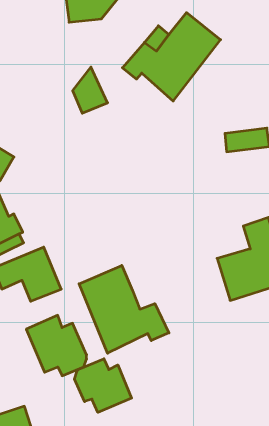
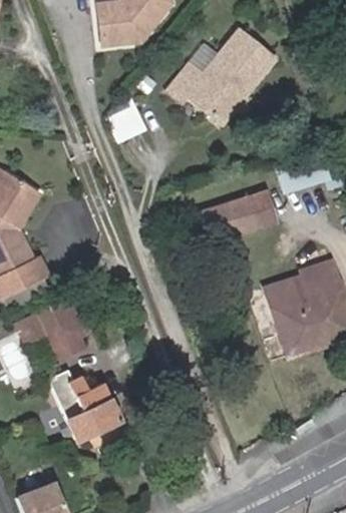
building: none -> [199,193,262,243]
building: none -> [264,272,310,309]
building: [79,265,169,353] -> none
building: [74,359,132,412] -> none

